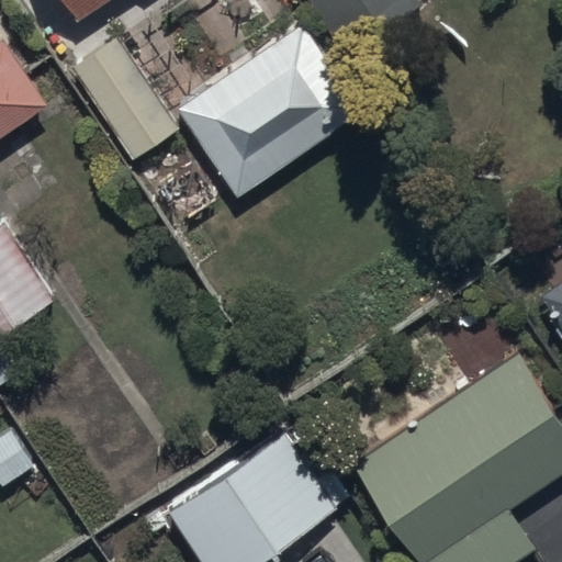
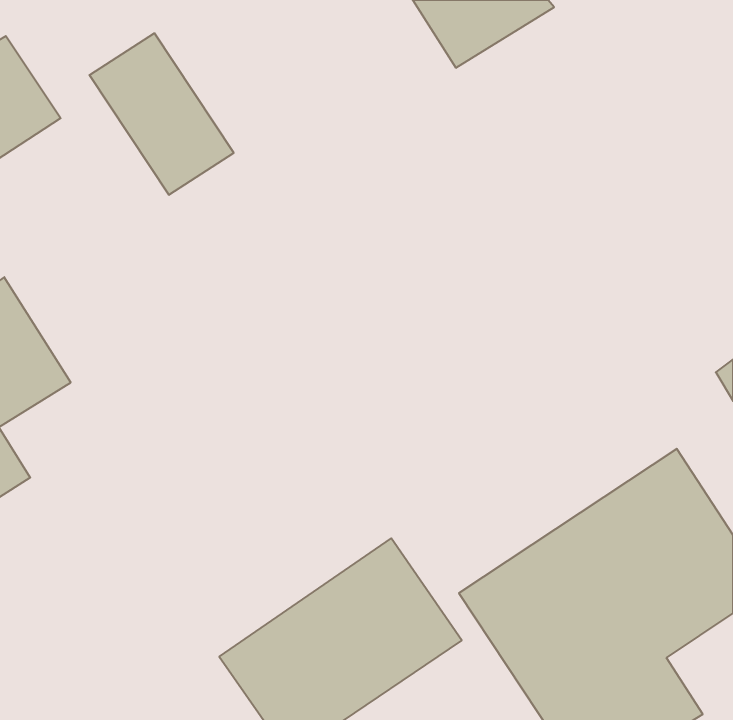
building: [176,26,360,200] -> none

